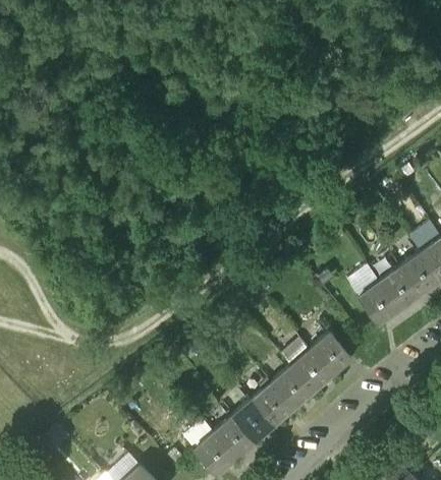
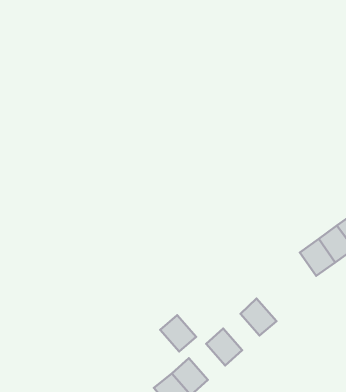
building: [309,334,350,376] -> none
building: [271,368,312,409] -> none
building: [232,402,273,442] -> [160,315,196,351]

